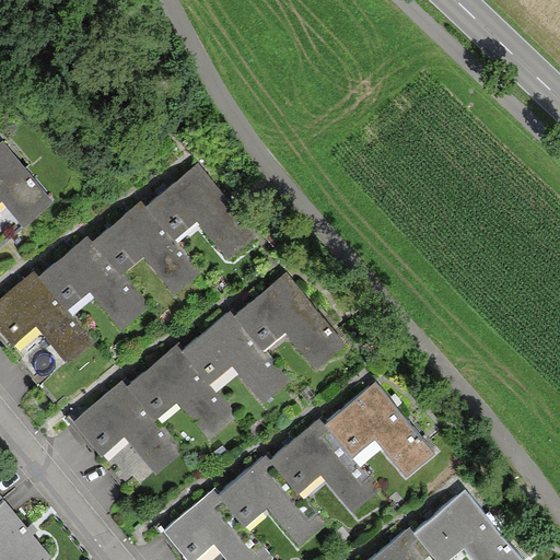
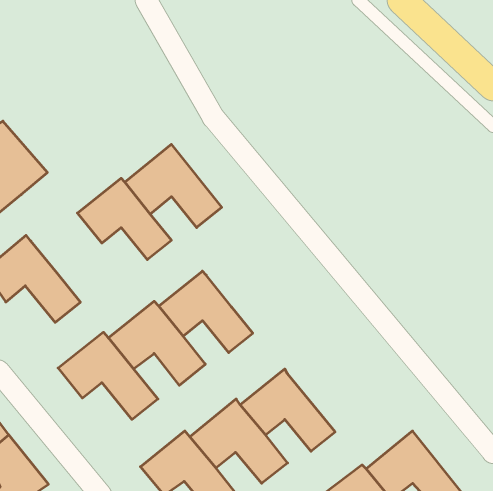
building: [35,240,140,325] -> none
building: [233,272,342,365] -> none
building: [325,384,434,477] -> none

